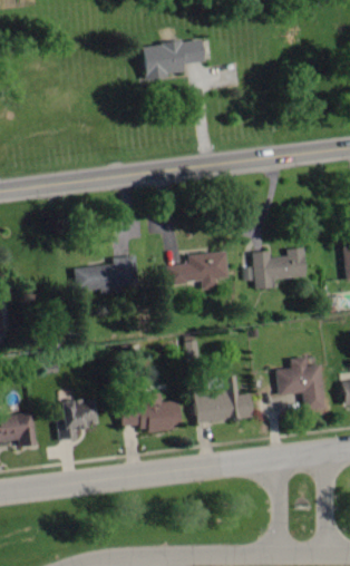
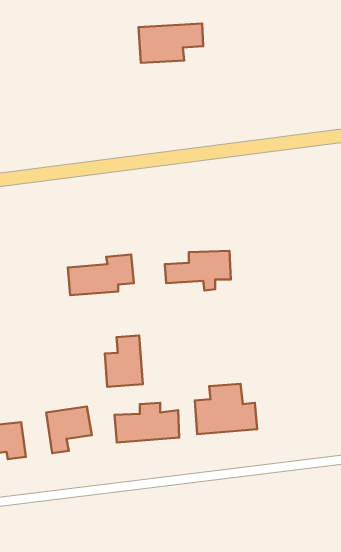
building: [255,248,308,290] -> none
building: none -> [105,335,143,387]
building: [278,358,324,410] -> none

